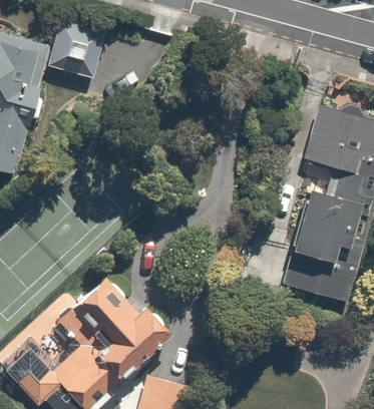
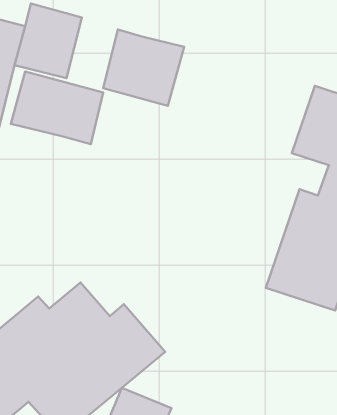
building: none -> [103,29,184,106]
building: none -> [11,72,103,144]

